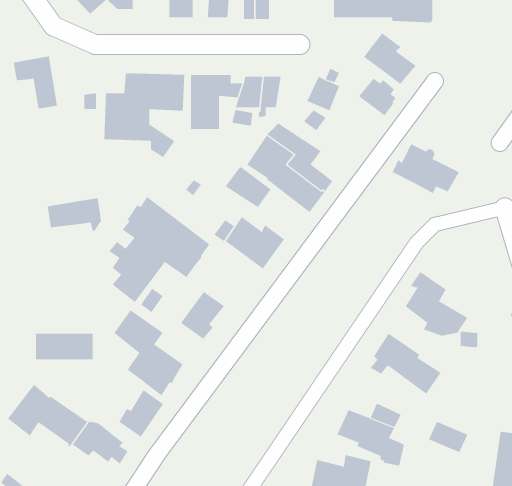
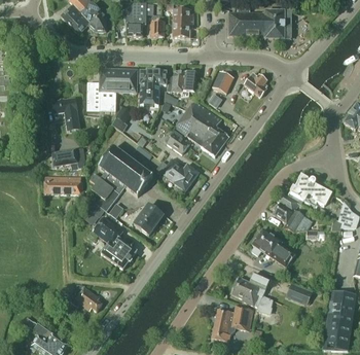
building: [363,33,416,85] -> none
building: [13,56,58,109] -> [51,98,79,131]
building: [392,142,460,194] -> [289,175,331,207]
building: [35,333,93,360] -> [44,177,80,193]
building: [7,384,88,447] -> none
building: [119,389,164,438] -> none

